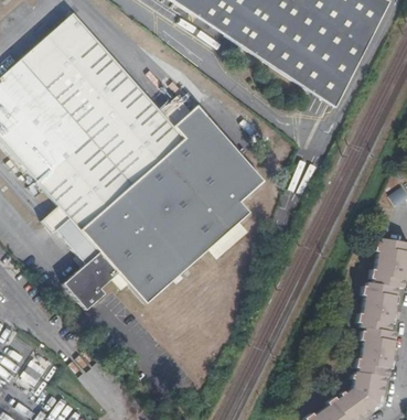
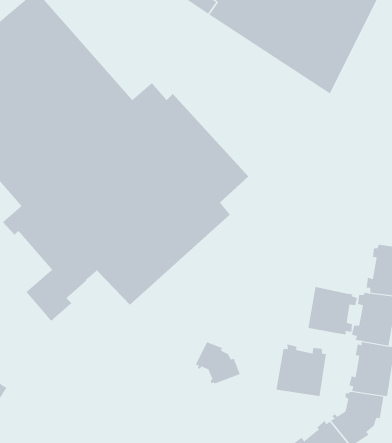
building: none -> [308,286,358,335]
building: none -> [195,342,240,384]
building: none -> [276,344,327,397]

